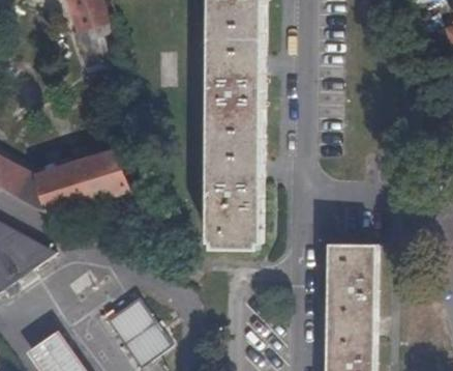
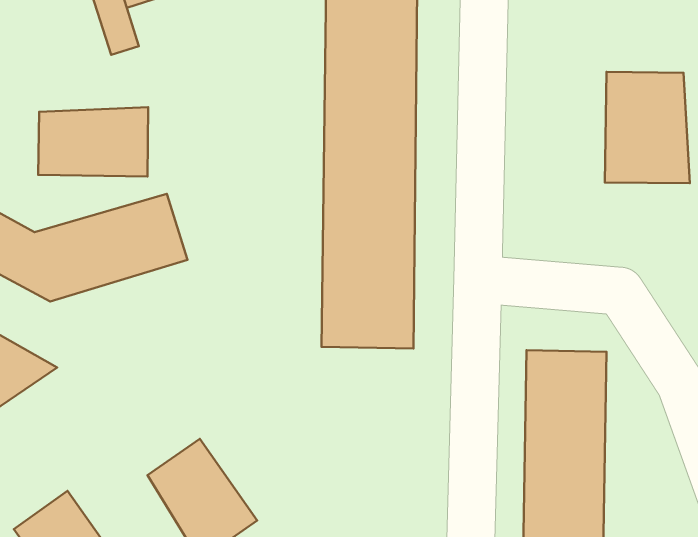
building: none -> [605,72,690,183]
building: none -> [38,107,148,176]

